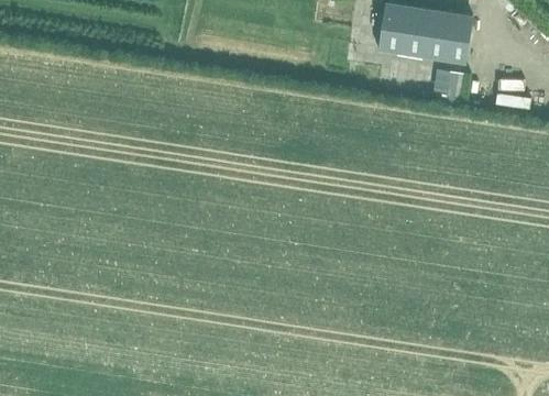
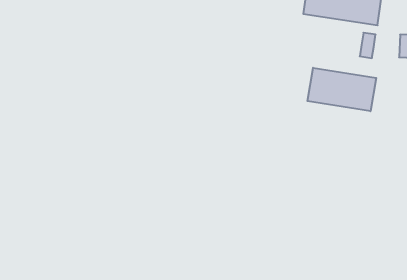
building: none -> [307,68,376,111]

